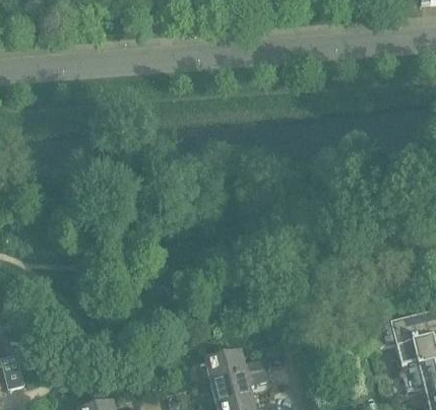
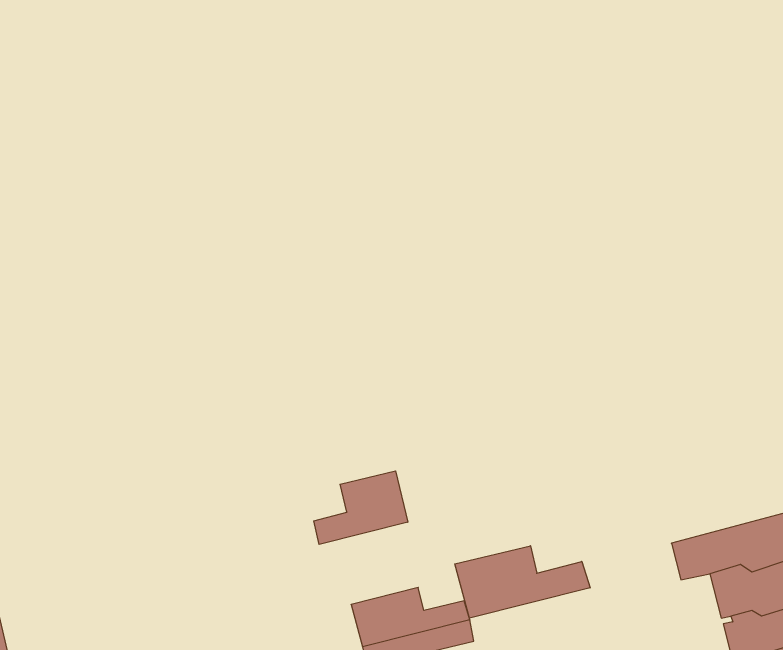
building: none -> [314,471,408,544]
building: none -> [455,546,590,618]

